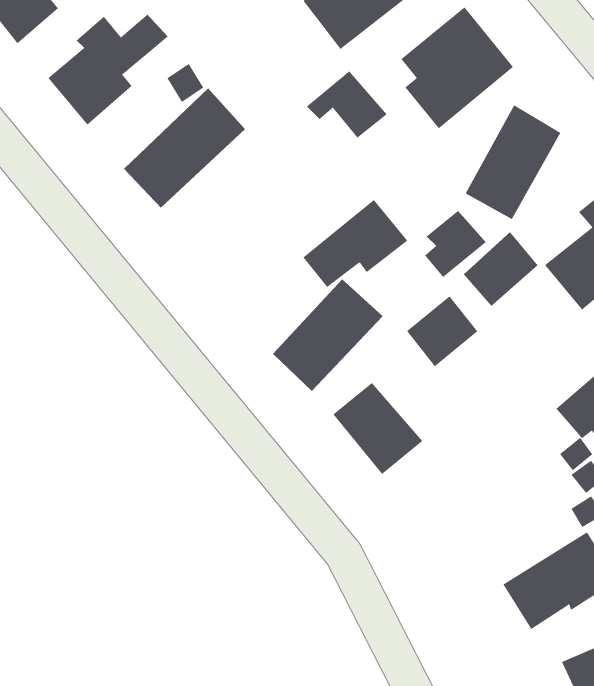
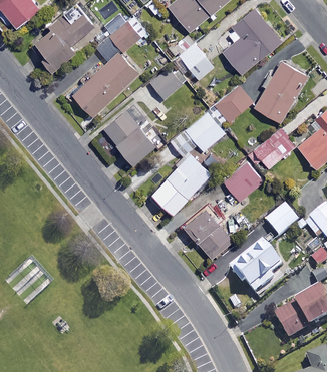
building: none -> [110,21,140,51]
building: none -> [150,68,181,98]
building: none -> [105,110,156,163]
building: [424,210,486,278] -> [220,83,253,119]
building: none -> [265,204,298,237]
building: none -> [229,240,282,293]

